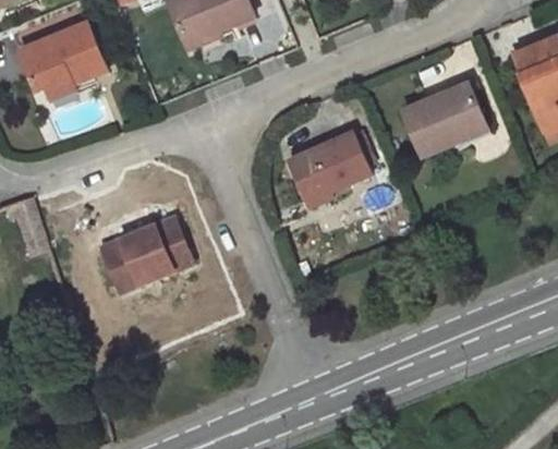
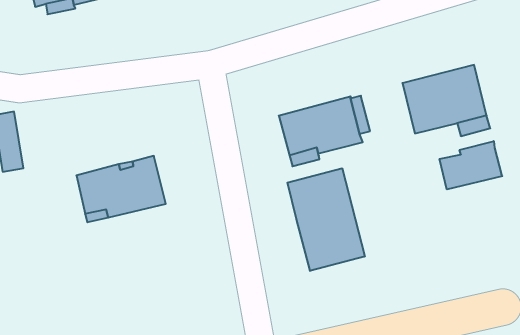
building: none -> [440,141,502,189]
building: none -> [287,168,365,271]

